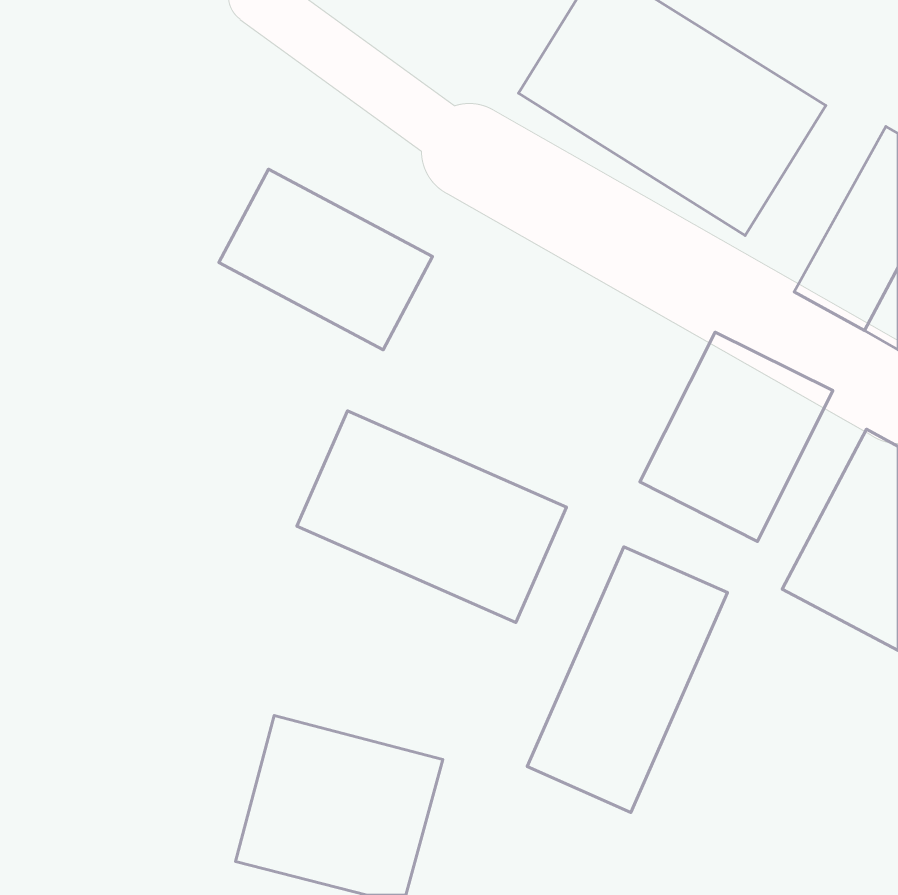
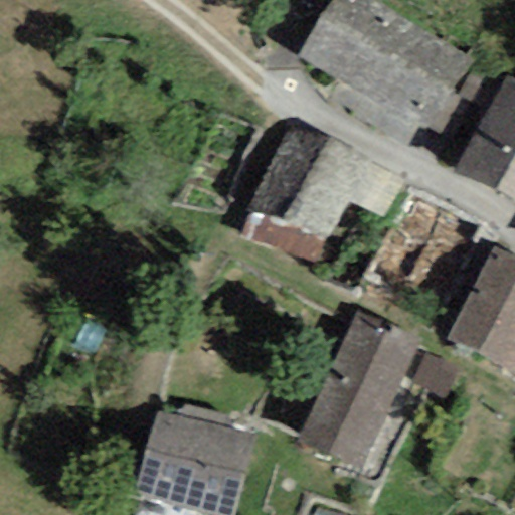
building: [219,169,433,350] -> none
building: none -> [253,123,362,237]
building: [297,411,567,623] -> none

